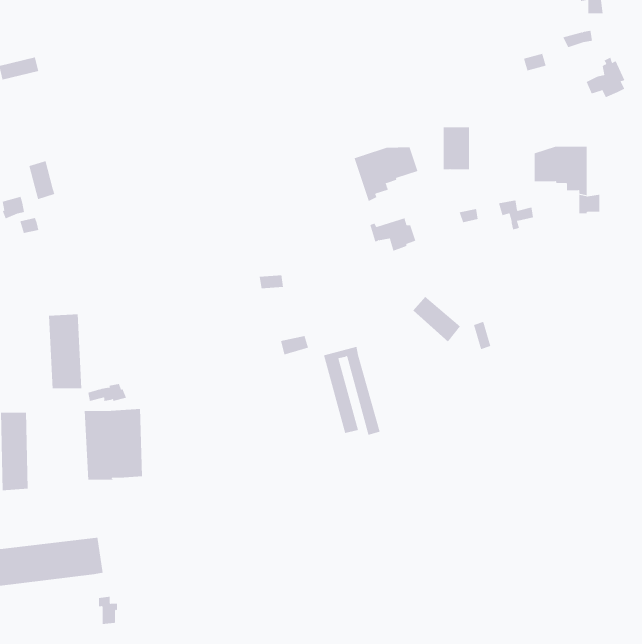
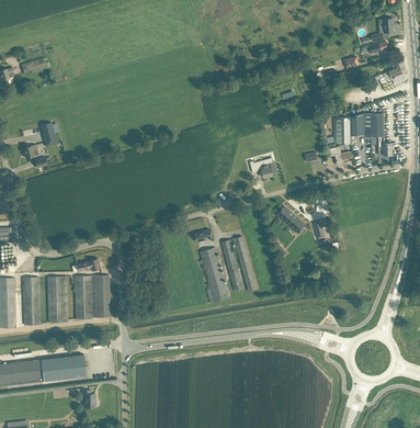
building: [443,127,470,170] -> [333,117,350,144]
building: [354,146,418,202] -> none
building: [48,314,82,389] -> [46,275,67,322]
building: none -> [198,247,228,303]

